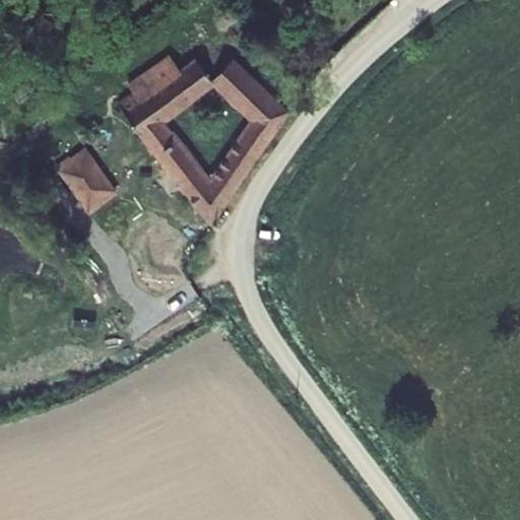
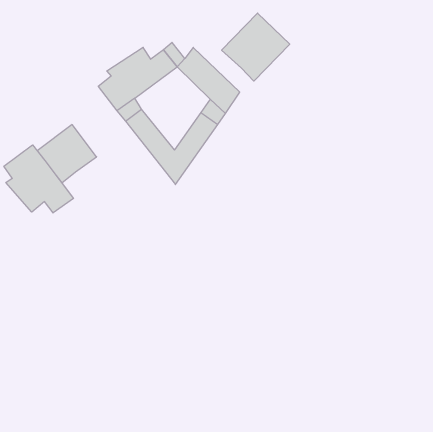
building: none -> [222,13,290,81]
building: none -> [4,145,73,213]

